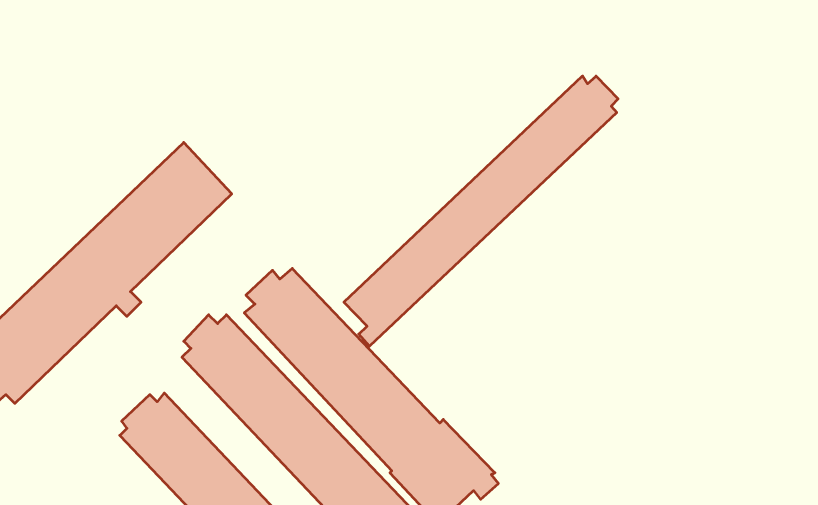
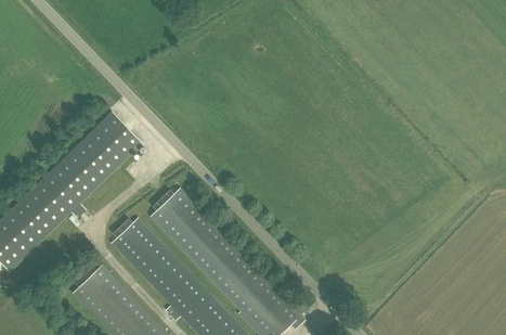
building: [344,76,618,346] -> none

